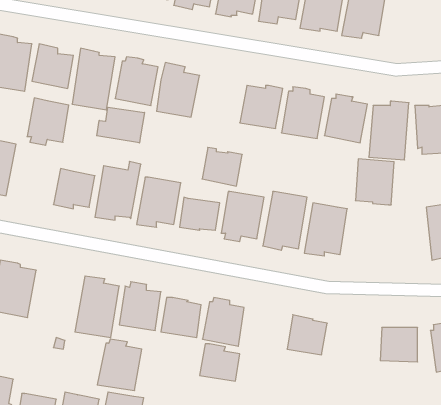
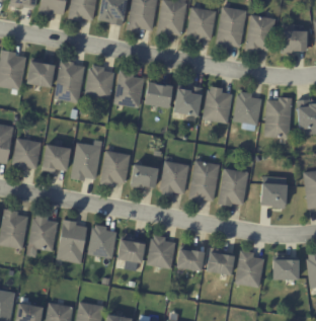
building: none -> [281,30,306,52]
building: [27,98,69,145] -> [11,137,41,170]
building: [97,107,144,143] -> none
building: [202,147,242,186] -> [144,81,172,108]
building: [355,159,394,205] -> [259,175,287,208]
building: none -> [234,250,264,288]
building: [97,339,142,391] -> [26,215,58,251]
building: [200,344,240,381] -> [175,245,204,271]

